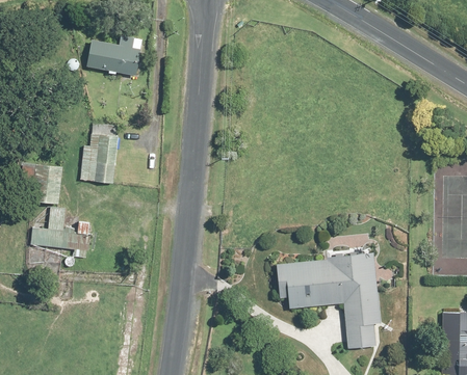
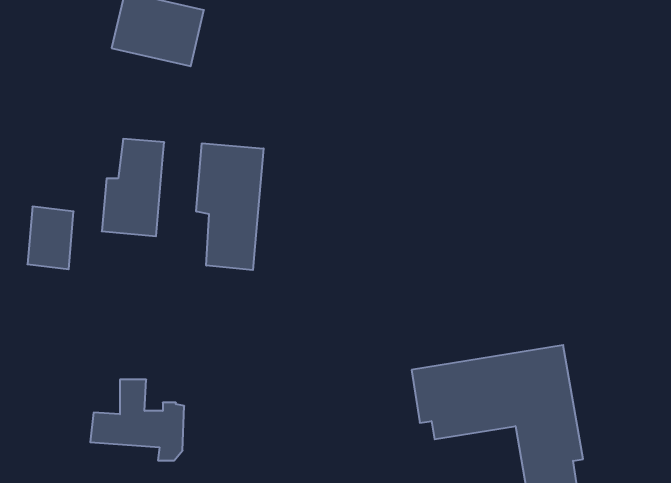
building: none -> [196,143,264,270]
building: [30,207,89,258] -> [90,380,184,460]

